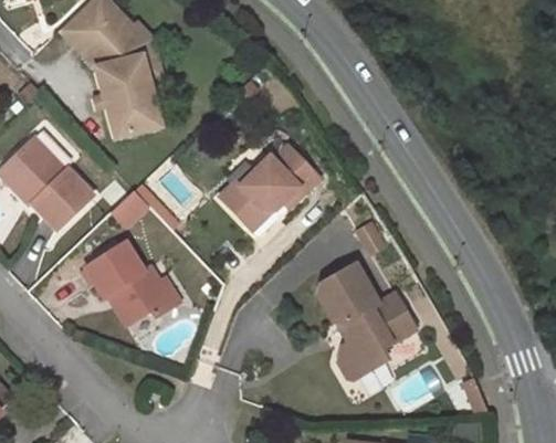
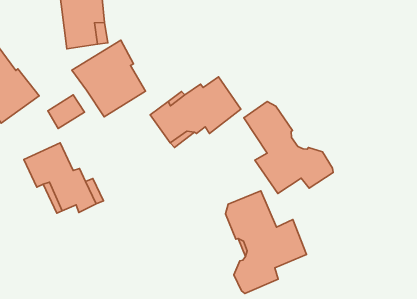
building: none -> [72,40,146,117]
building: none -> [244,102,333,194]

